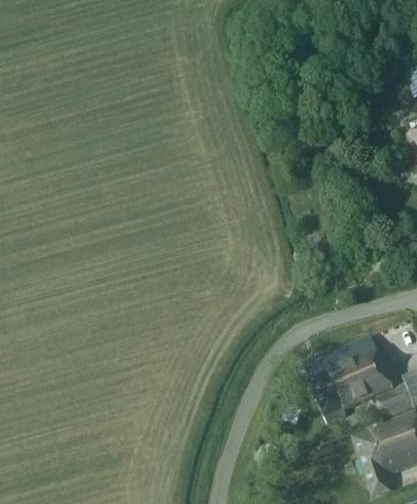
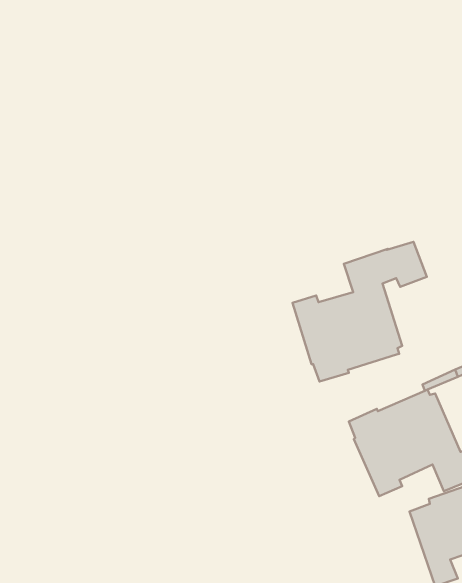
building: none -> [292,242,427,381]

